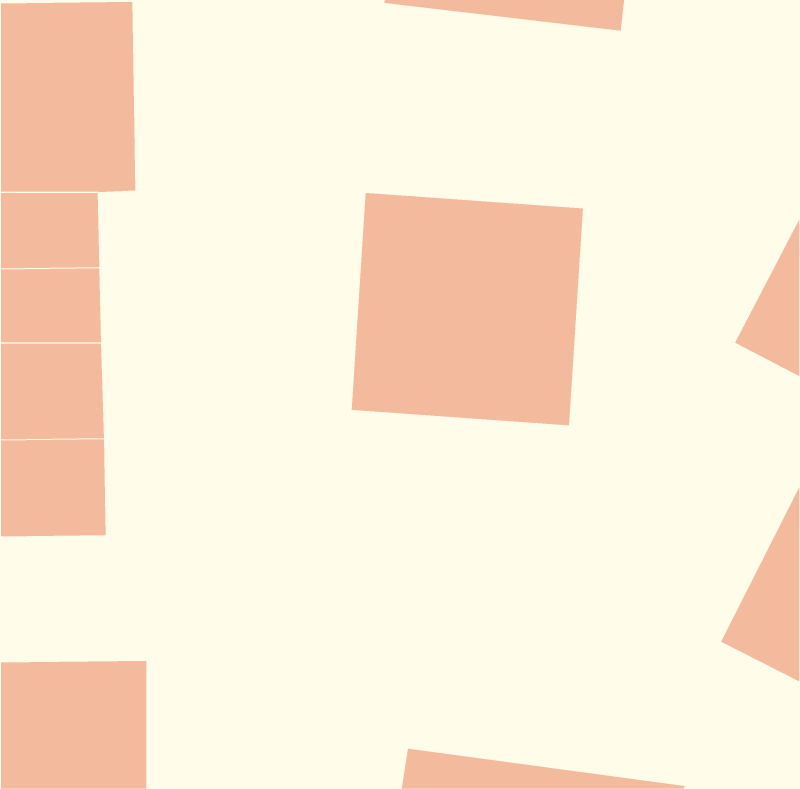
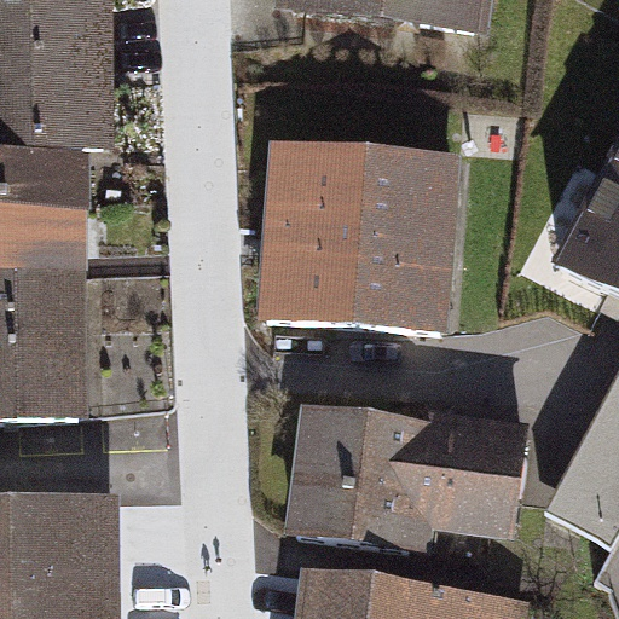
building: none -> [299,413,522,551]

